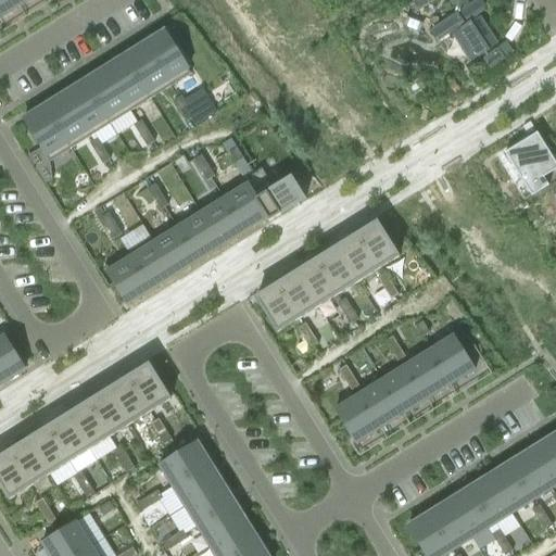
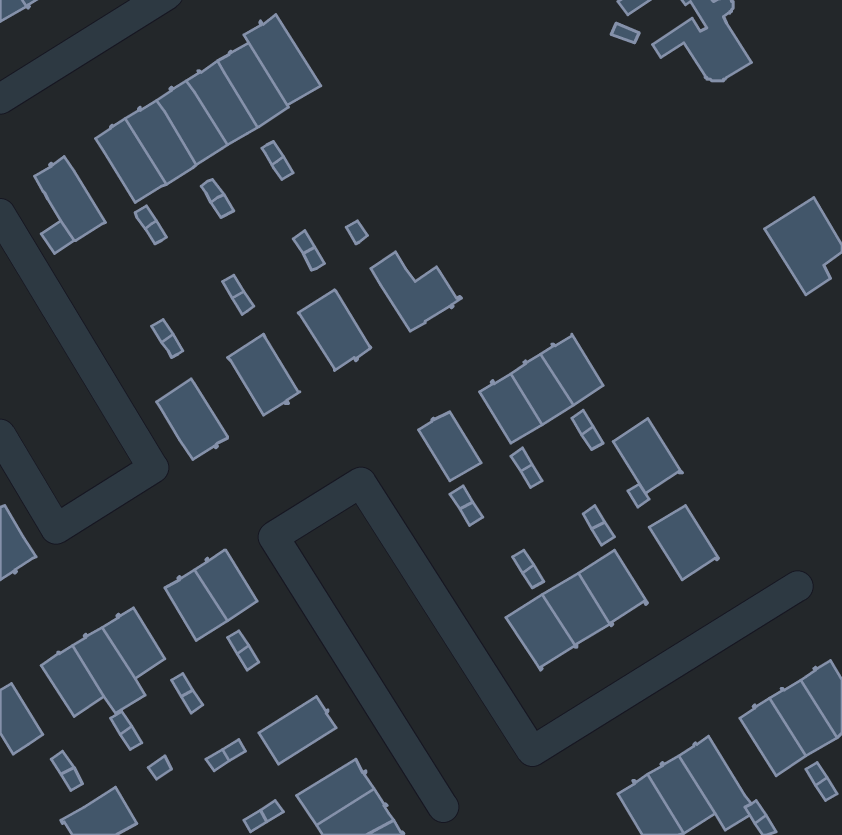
building: none -> [244,14,321,105]
building: [42,91,89,147] -> none
building: [220,177,270,229] -> none
building: [174,206,220,258] -> none
building: [126,236,174,289] -> none
building: [296,258,337,305] -> none
building: [255,283,296,330] -> none
building: [405,348,451,397] -> [613,419,682,494]
building: [88,388,129,434] -> none
building: [8,439,49,484] -> none
building: [157,440,208,483] -> none
building: [467,473,511,525] -> none
building: [184,480,235,525] -> none

